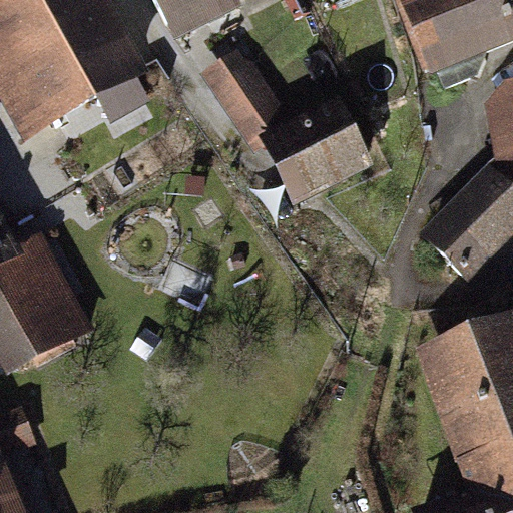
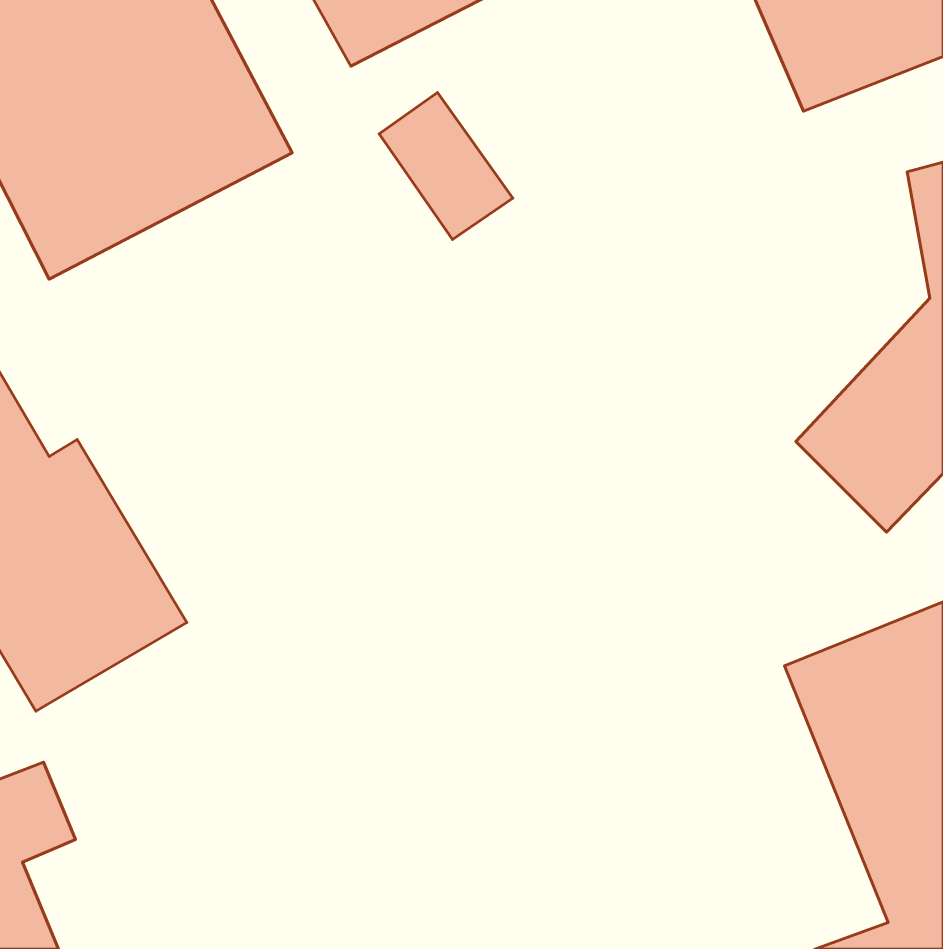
building: [262,101,353,187] -> none

